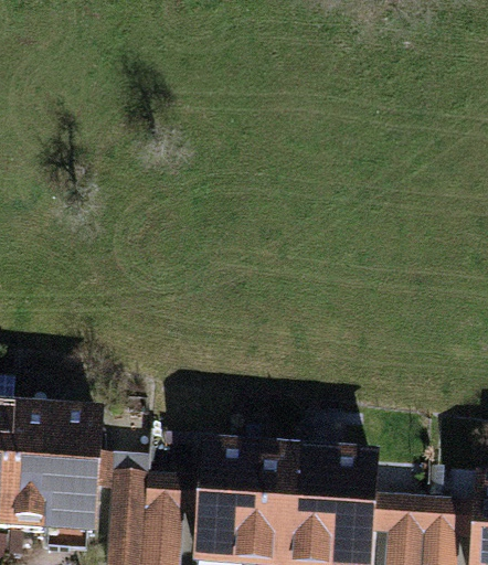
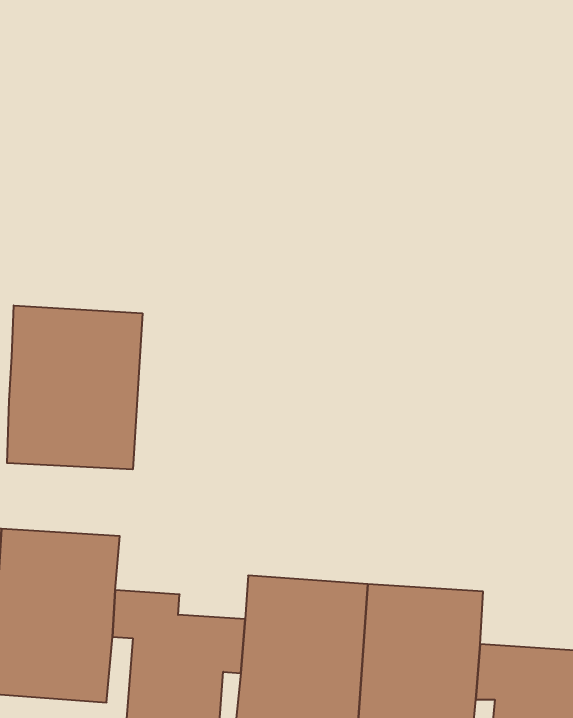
building: none -> [7,305,142,469]

